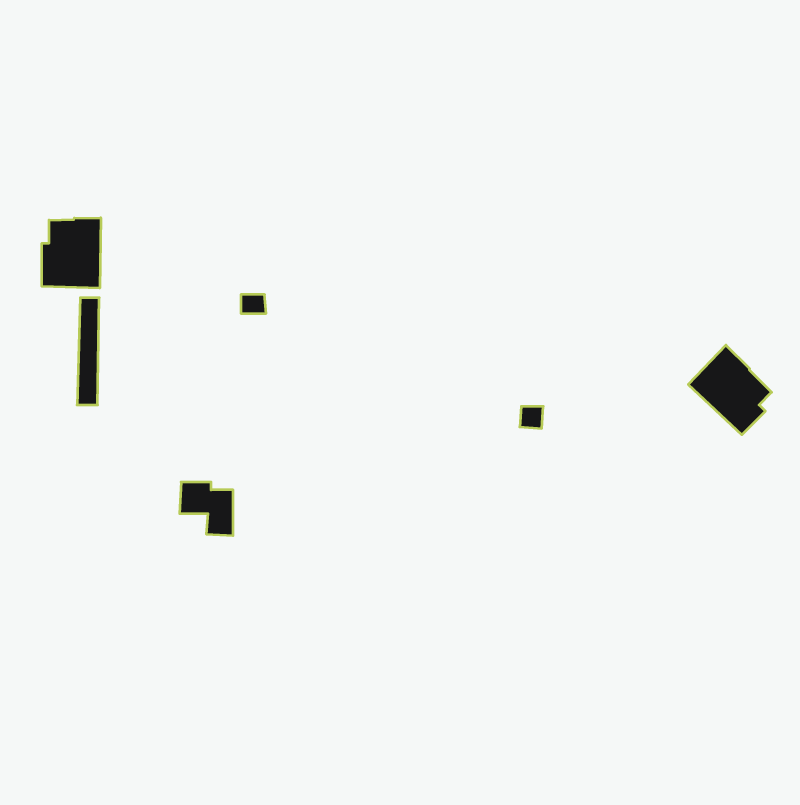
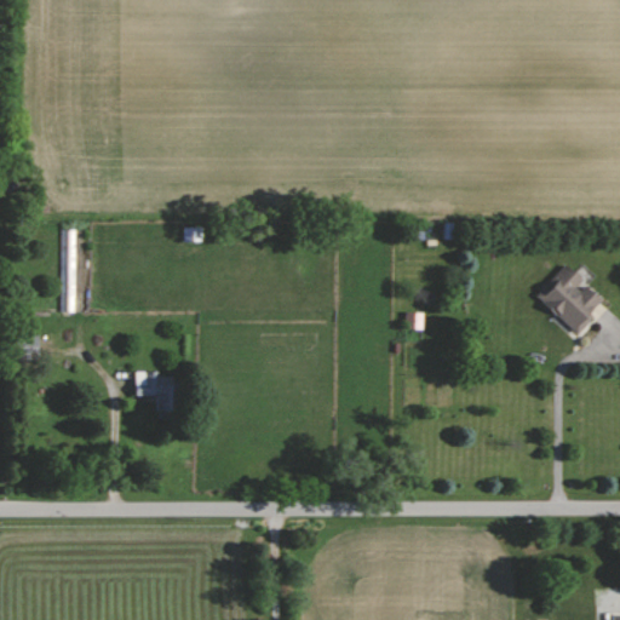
building: [42,218,101,288] -> none

